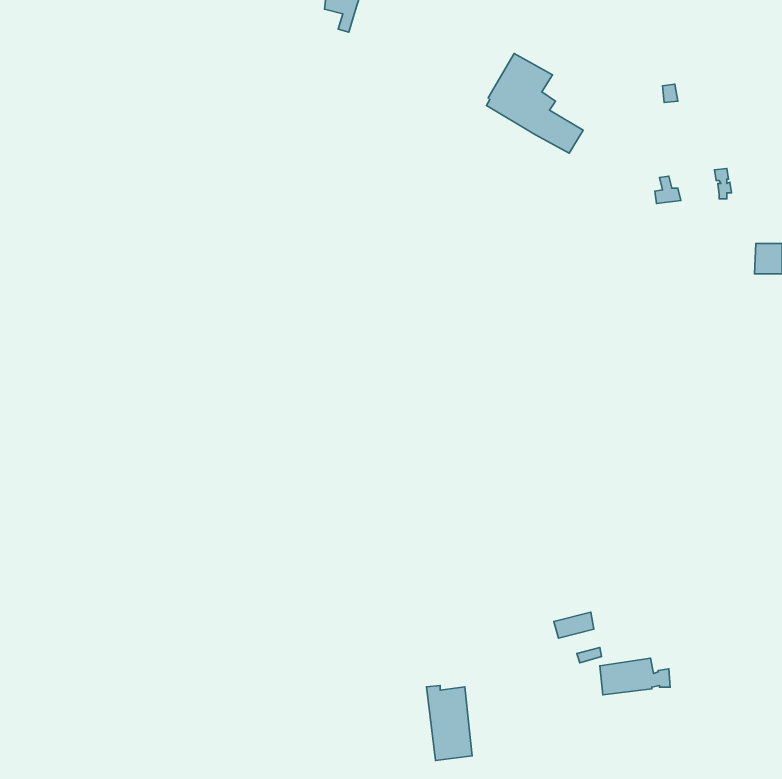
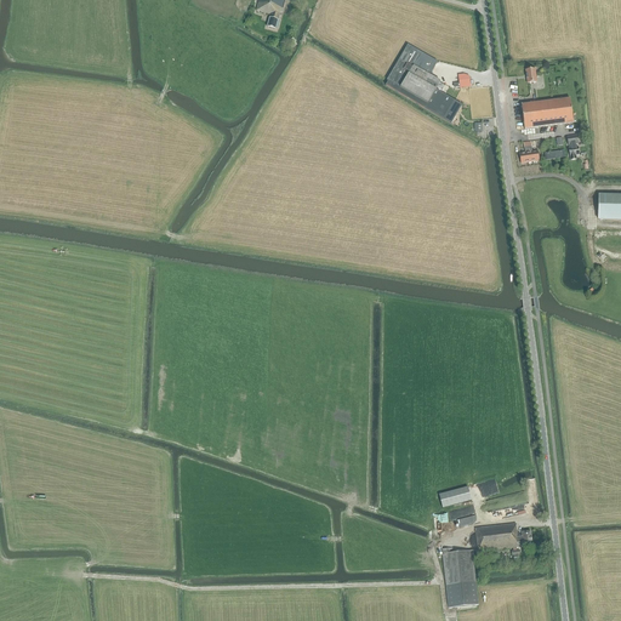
building: none -> [522,96,572,127]
building: [426,685,472,760] -> [441,547,478,606]

